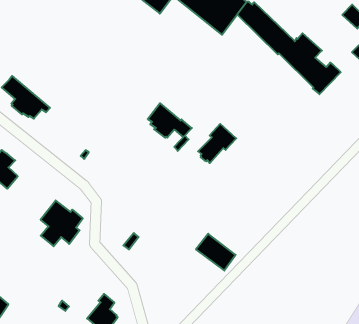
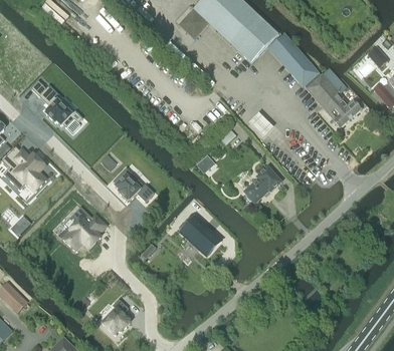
building: [148,103,192,138] -> [113,167,154,202]
building: [198,124,236,163] -> [244,166,281,203]
building: [196,234,236,271] -> [182,218,219,254]

